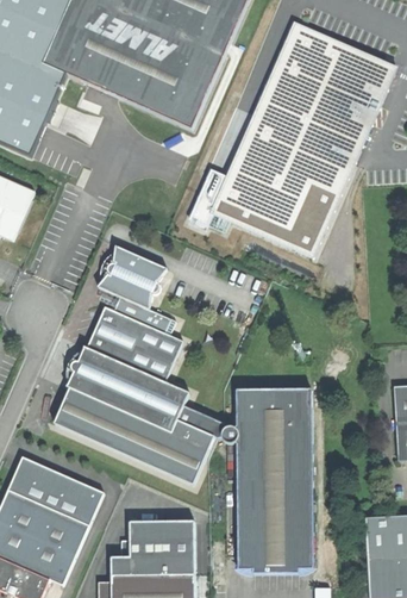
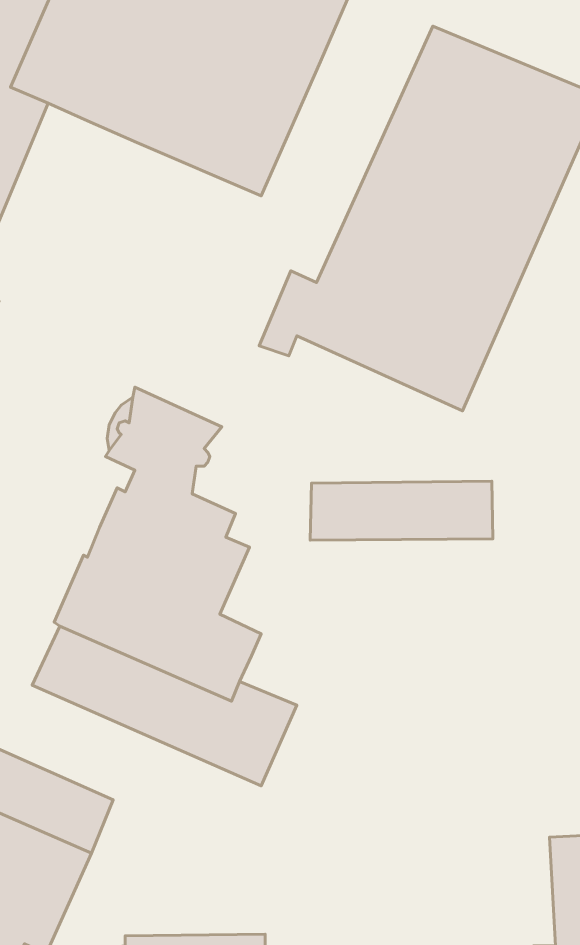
building: none -> [310,481,493,540]
building: [179,388,312,573] -> none
building: [109,521,194,575] -> none

